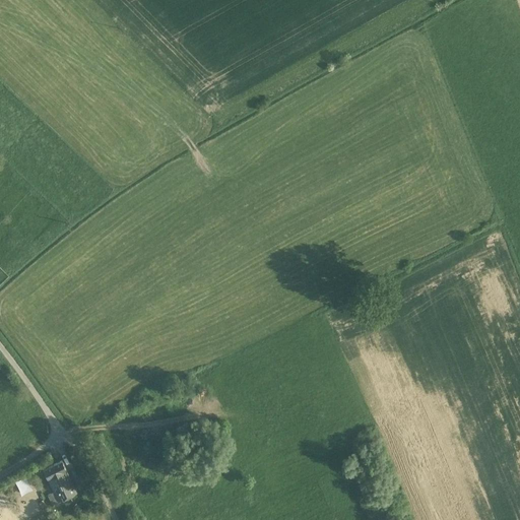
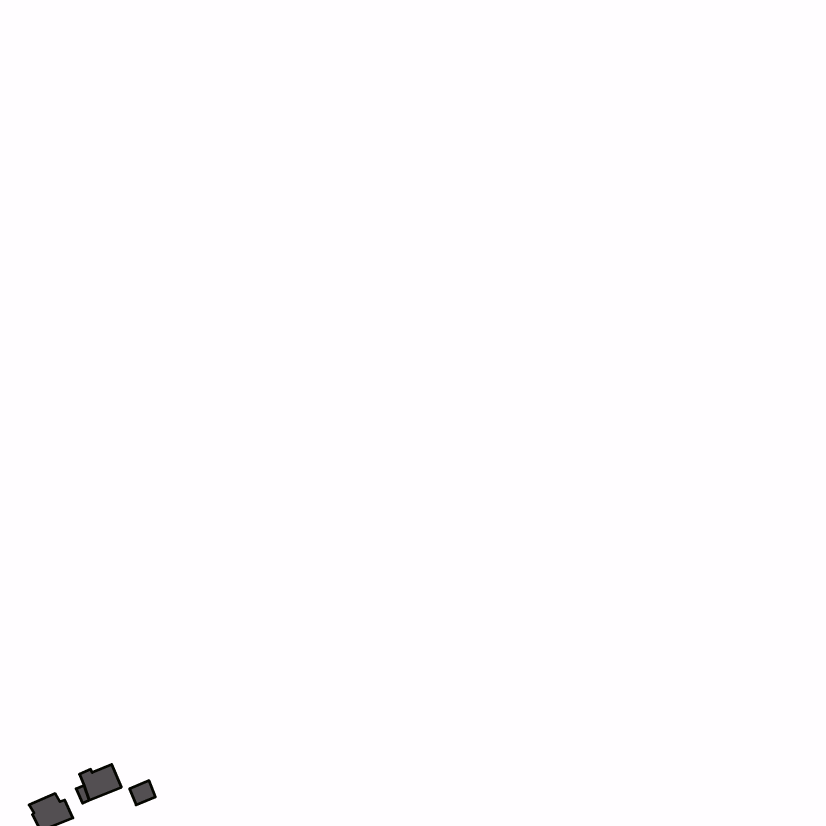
building: [43,461,70,486] -> none

